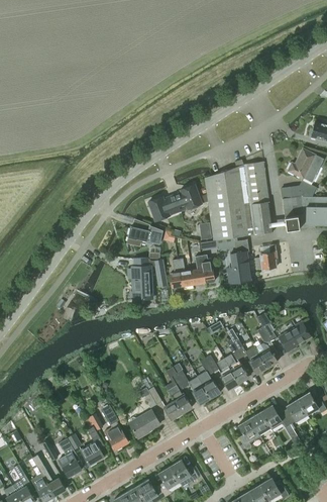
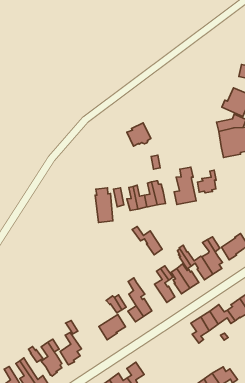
building: [204,162,274,239] -> none
building: [148,194,181,218] -> none
building: [126,225,162,246] -> none
building: [176,370,210,404] -> [132,227,162,255]
building: [102,405,128,449] -> none
building: [170,460,199,486] -> none

